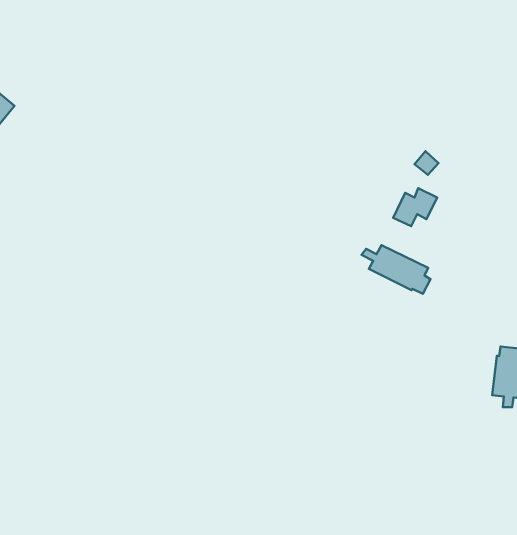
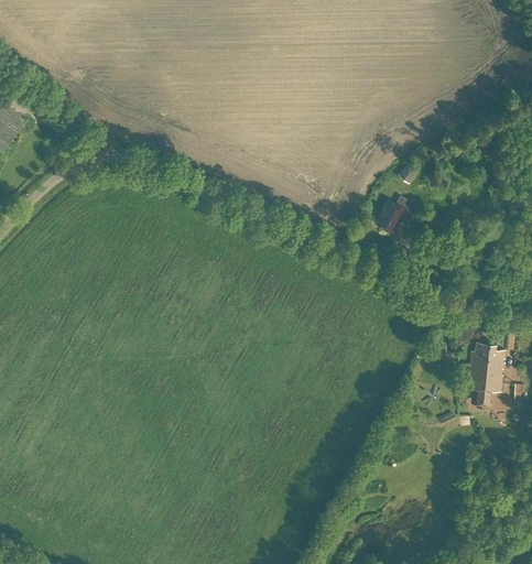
building: [361,245,431,294] -> none

